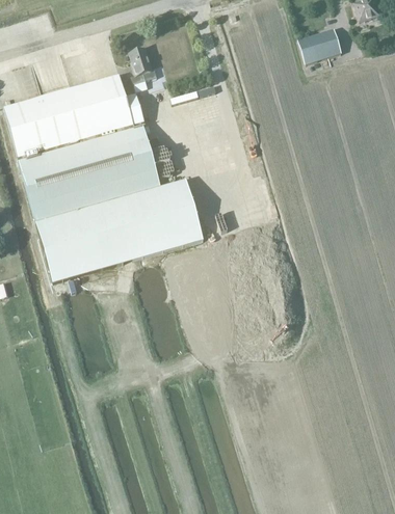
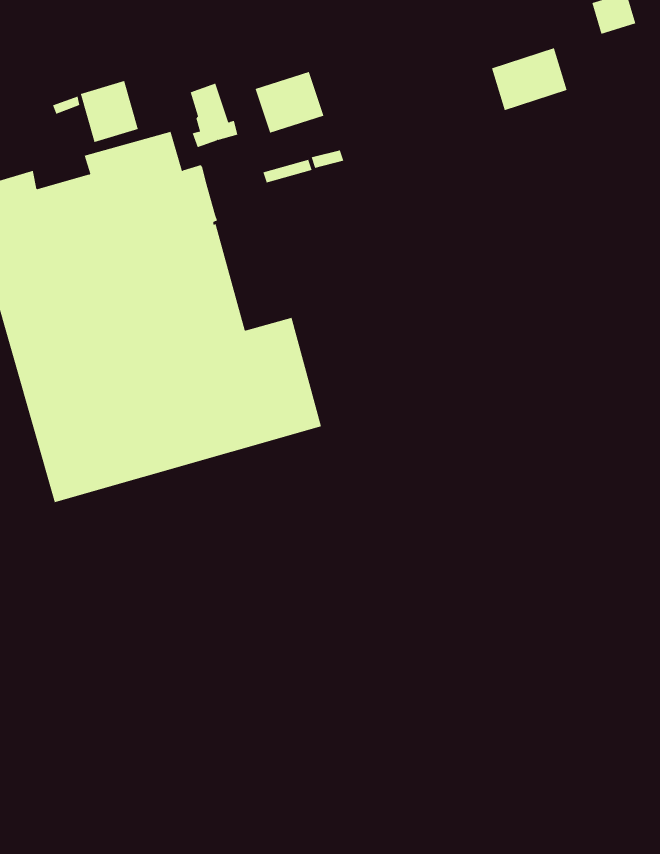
building: none -> [255,71,324,133]
building: none -> [80,80,139,143]

